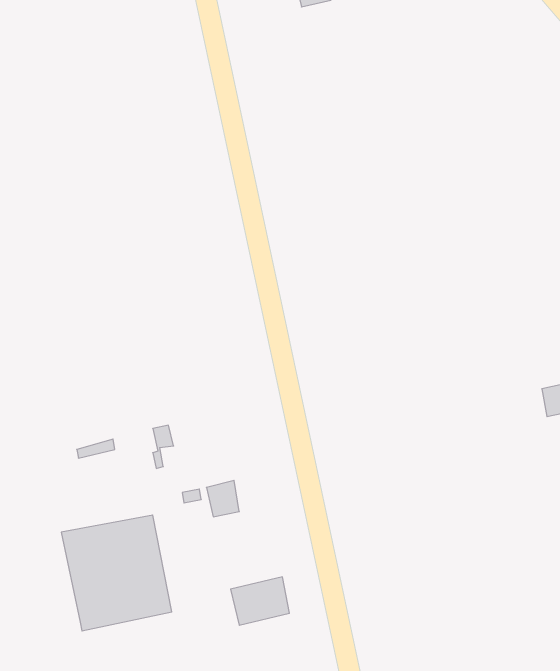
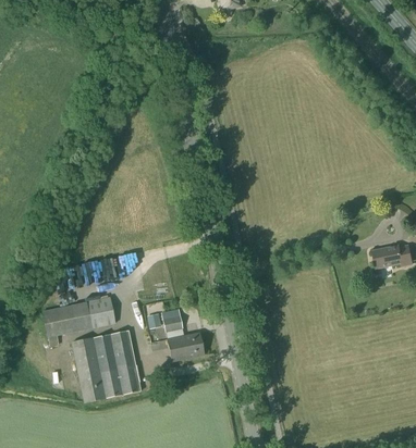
building: none -> [40,296,114,336]
building: [231,577,289,625] -> [167,331,204,361]

